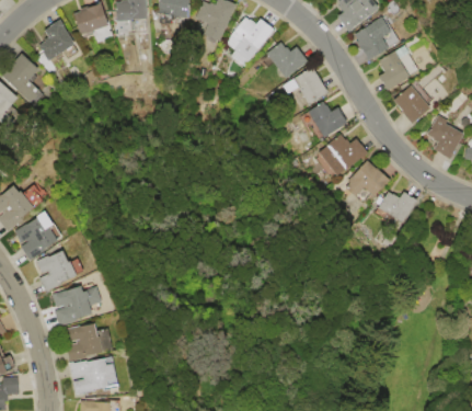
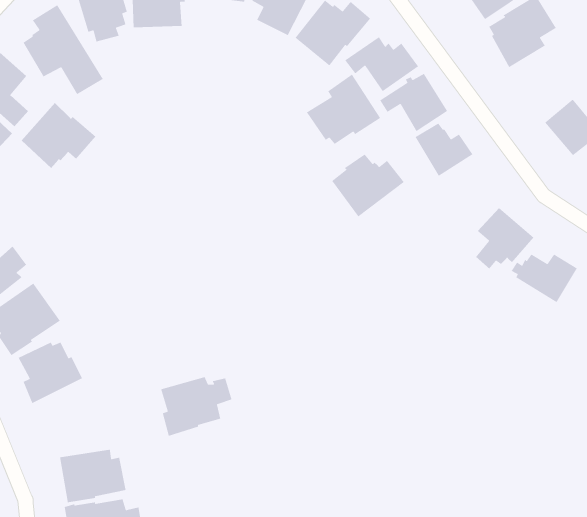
building: [381,50,415,92] -> none
building: none -> [306,74,381,145]
building: none -> [21,102,96,169]
building: [315,134,366,178] -> [331,154,405,217]
building: [51,286,101,328] -> [160,376,232,437]

